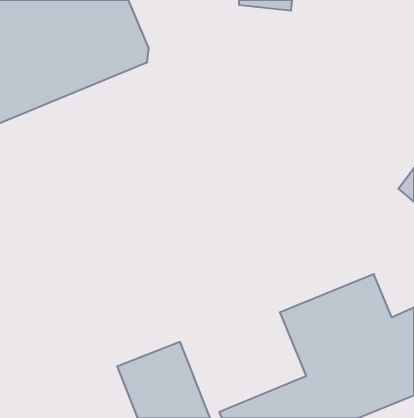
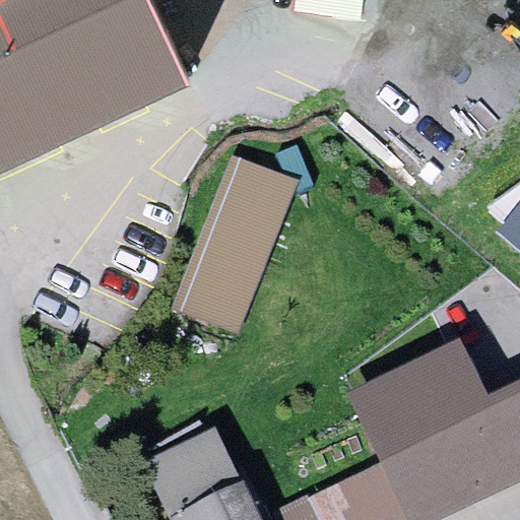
building: none -> [175,156,297,336]

